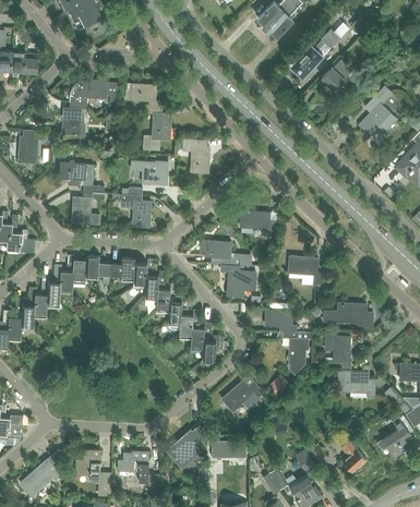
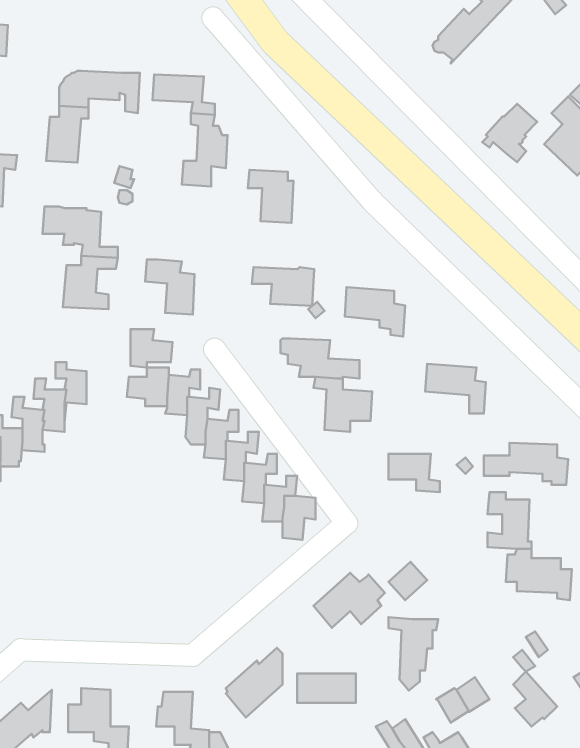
building: [320,60,352,95] -> [482,104,537,162]
building: [131,161,168,184] -> [252,267,314,306]
building: [86,256,111,279] -> [131,329,173,368]
building: [283,331,312,375] -> [389,617,438,691]

